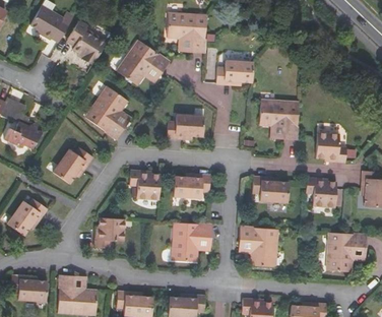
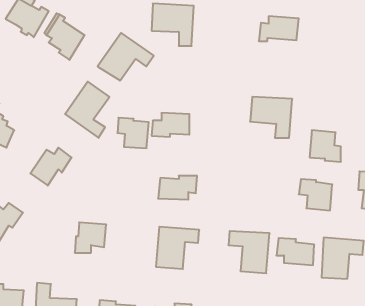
building: [216,61,254,84] -> [259,16,299,41]
building: [131,171,161,199] -> [117,118,149,148]
building: [253,177,289,202] -> [276,238,314,265]

